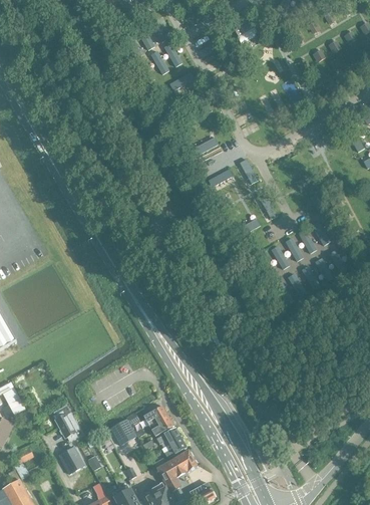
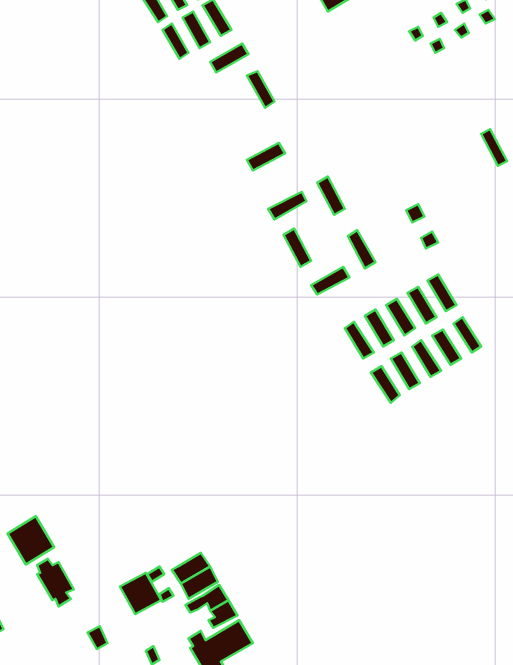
building: none -> [8,516,54,565]
building: [58,446,84,474] -> none

